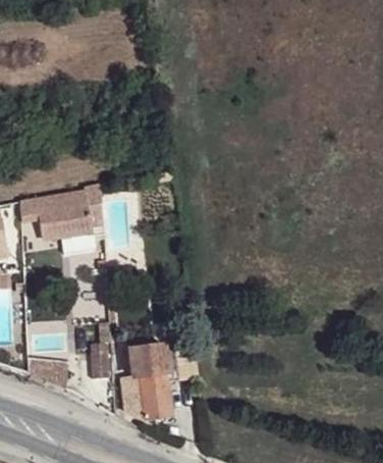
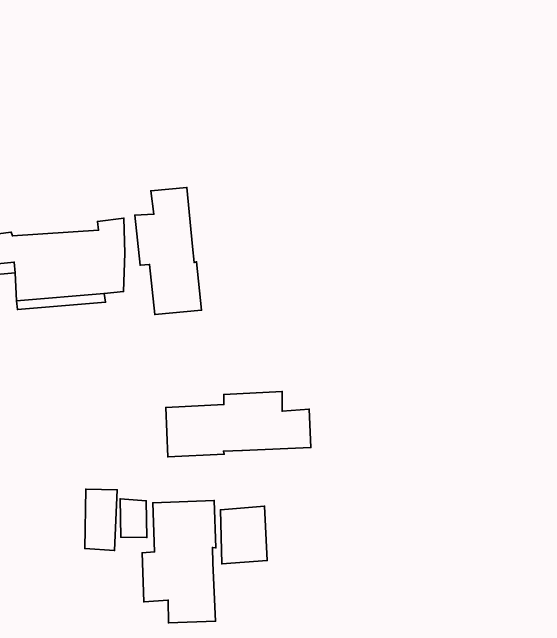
building: none -> [135,187,202,315]
building: none -> [166,391,311,457]

